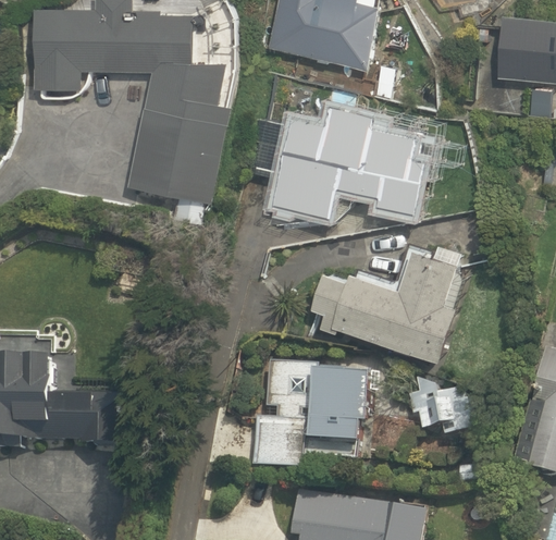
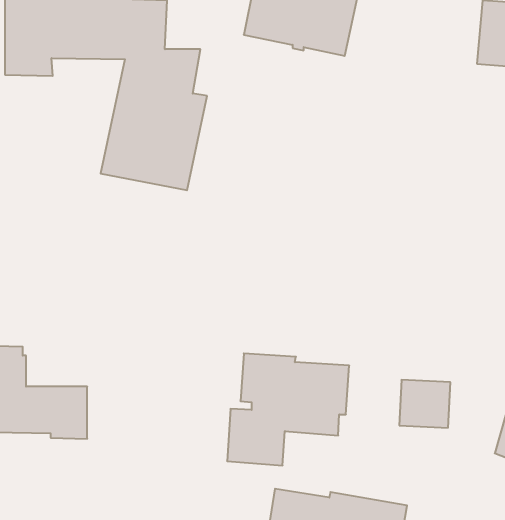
building: [255,107,438,214] -> none
building: [311,247,464,356] -> none

